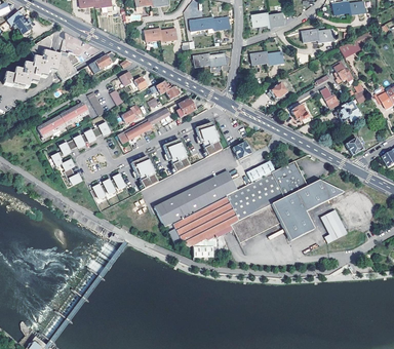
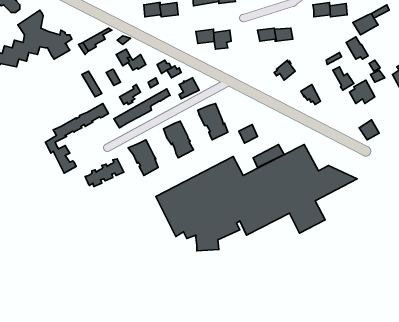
building: [37,103,88,139] -> none
building: [319,210,346,245] -> none

